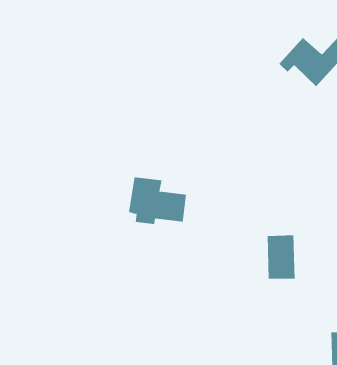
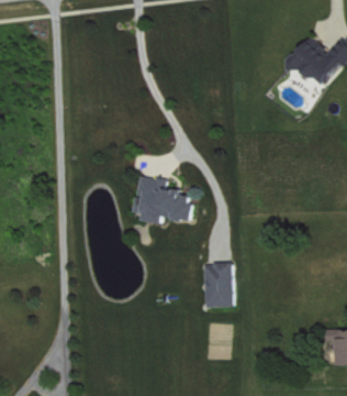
building: [267,235,295,279] -> [203,263,232,307]

